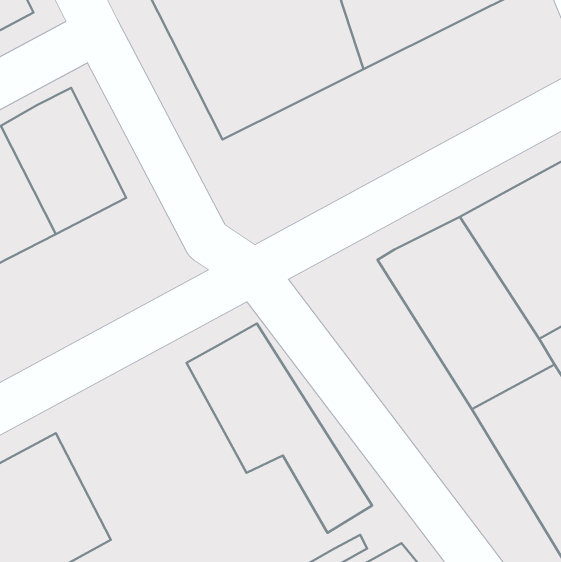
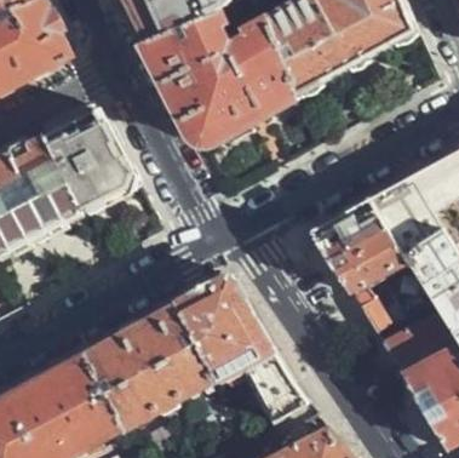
building: none -> [84,302,218,429]

